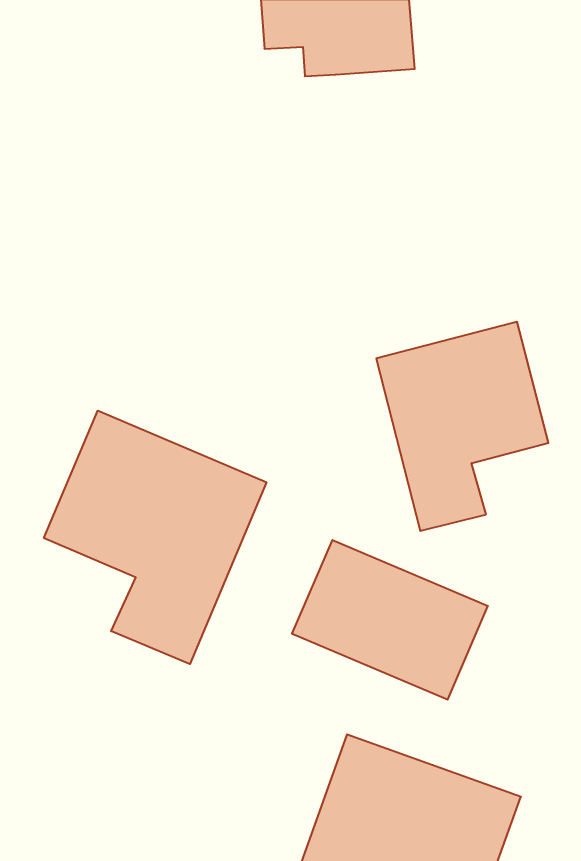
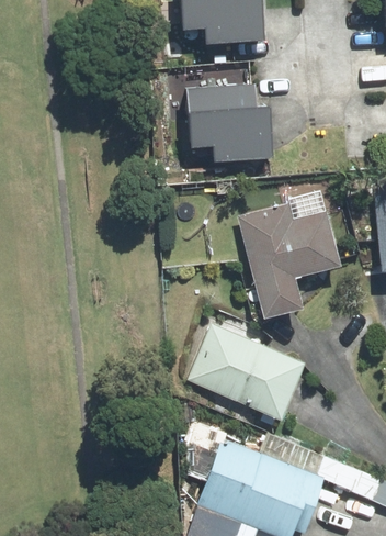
building: none -> [177,82,269,166]
building: [44,411,266,664] -> none

